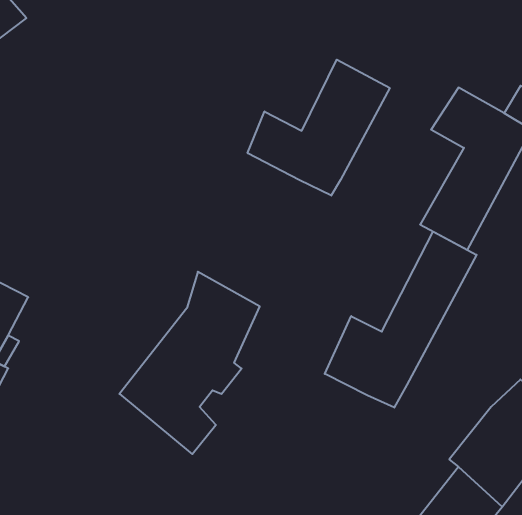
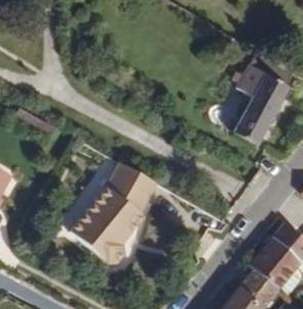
building: [248,60,390,196] -> none
building: [325,232,477,408] -> none

